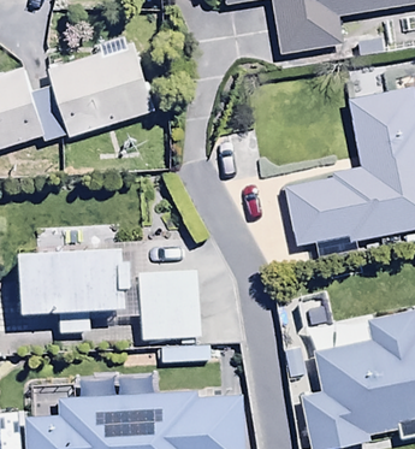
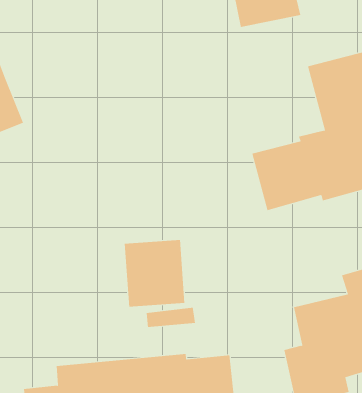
building: [30,31,156,142] -> none
building: [26,250,137,331] -> none

